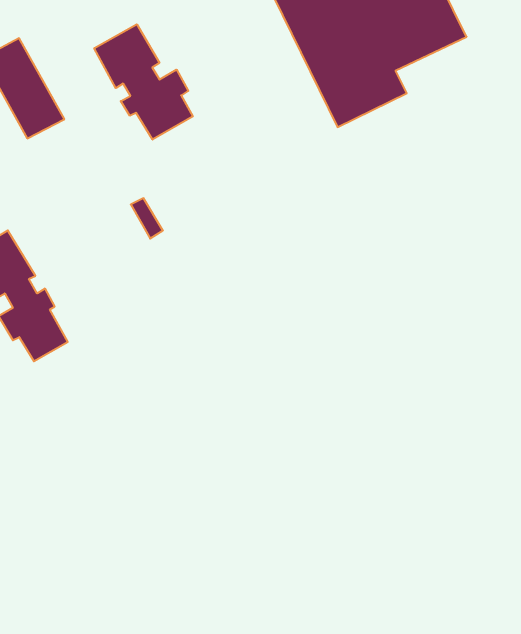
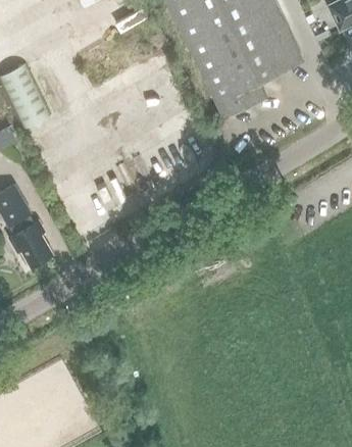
building: [94,24,193,140] -> none

